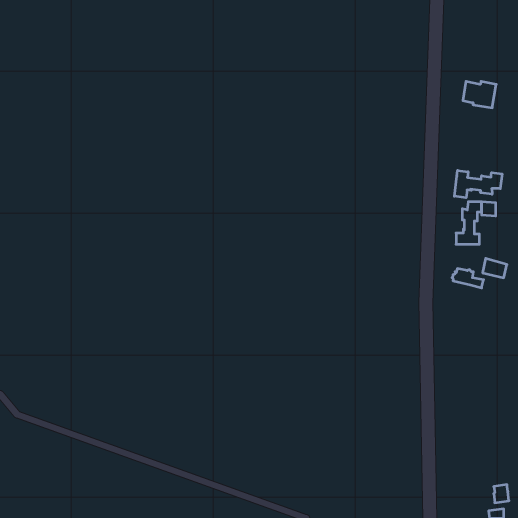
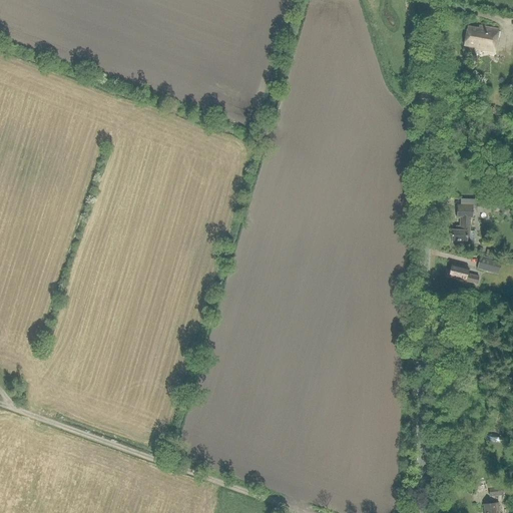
building: [463,81,496,108] -> [464,27,497,53]
building: [454,170,502,198] -> none

